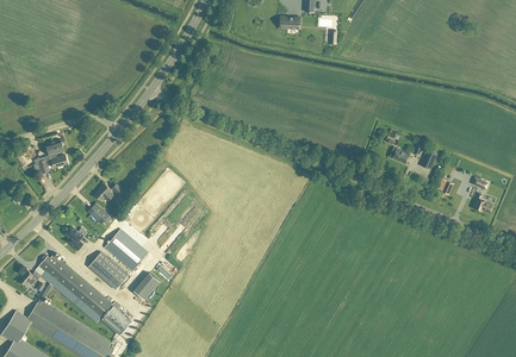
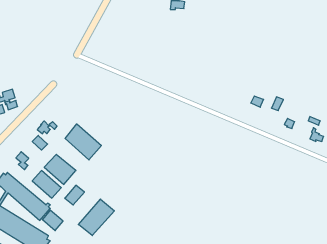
building: none -> [65,124,101,160]
building: none -> [78,199,114,236]

